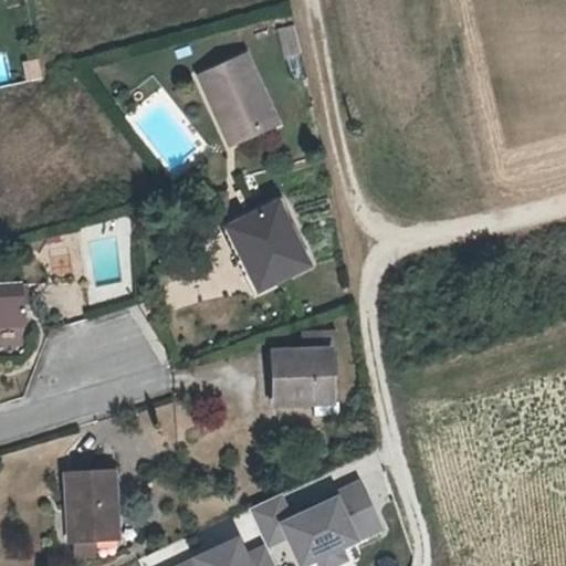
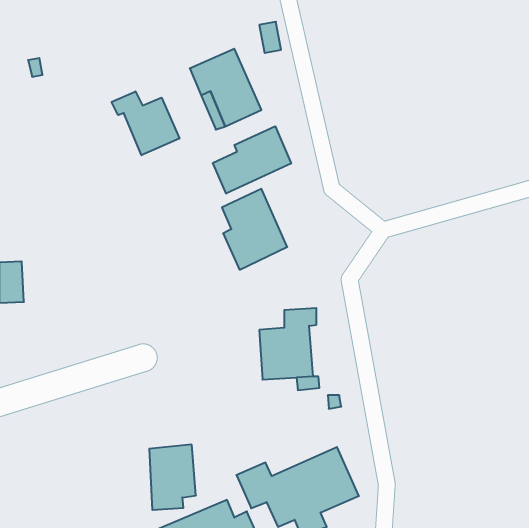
building: none -> [112,91,179,155]
building: none -> [213,126,291,194]
building: [65,473,115,543] -> [149,445,196,510]

